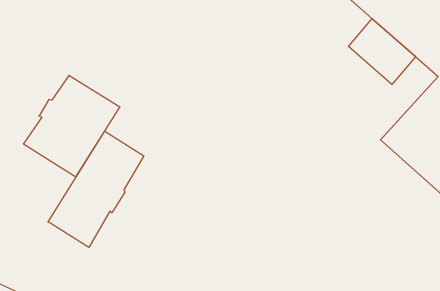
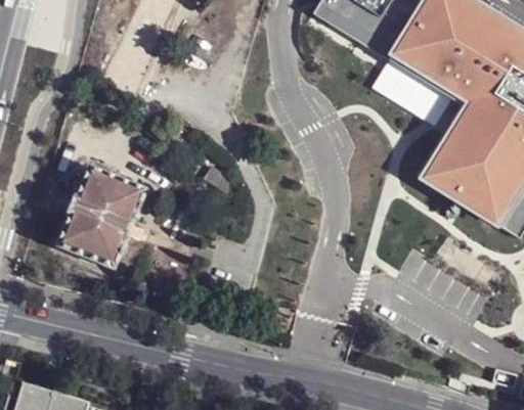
building: [48,131,144,247] -> none

